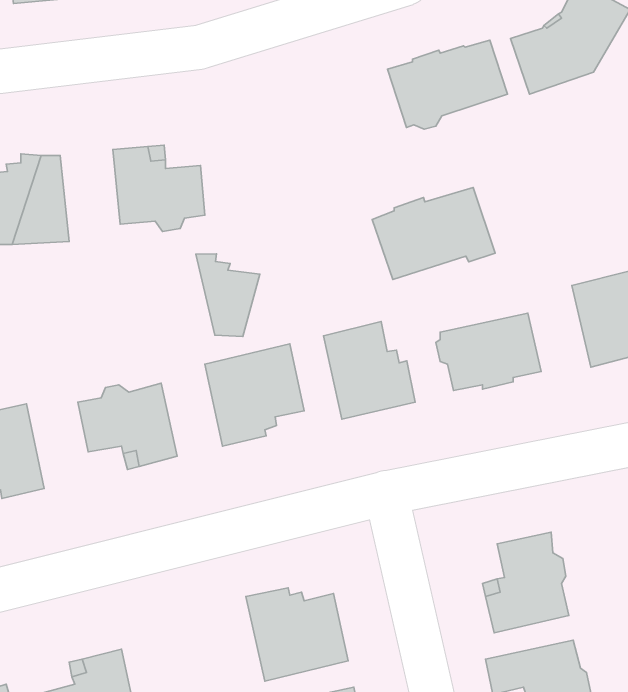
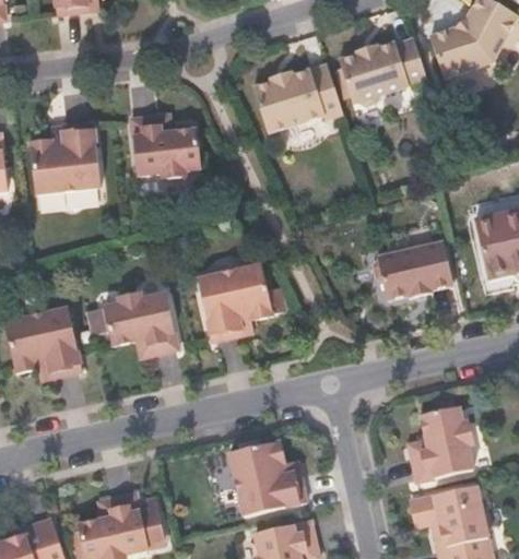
building: [372,187,495,279] -> [251,64,343,133]
building: [196,254,260,337] -> none
building: [323,322,415,419] -> none

